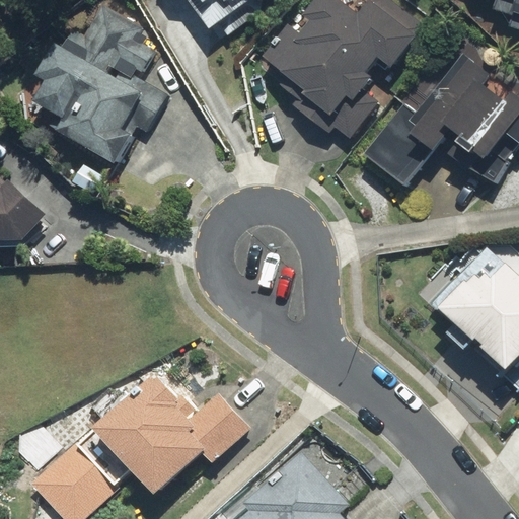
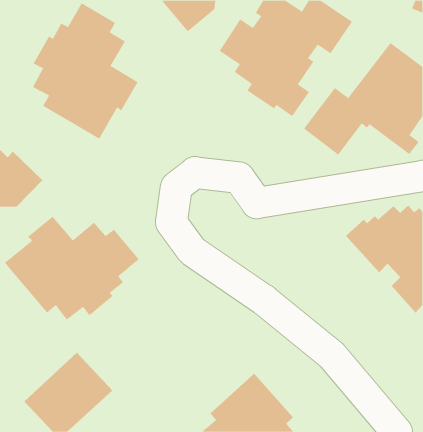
building: none -> [4,216,140,320]
building: [86,369,250,490] -> none

